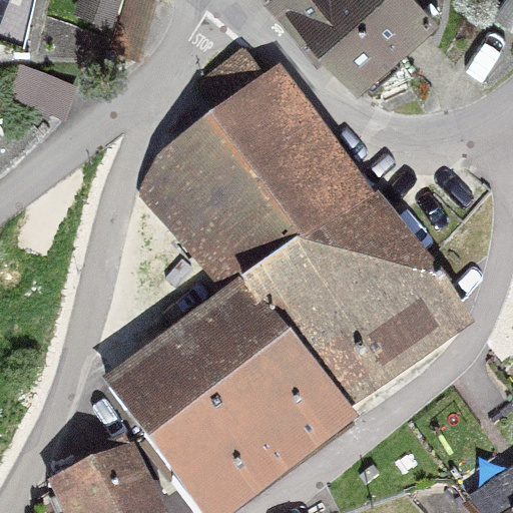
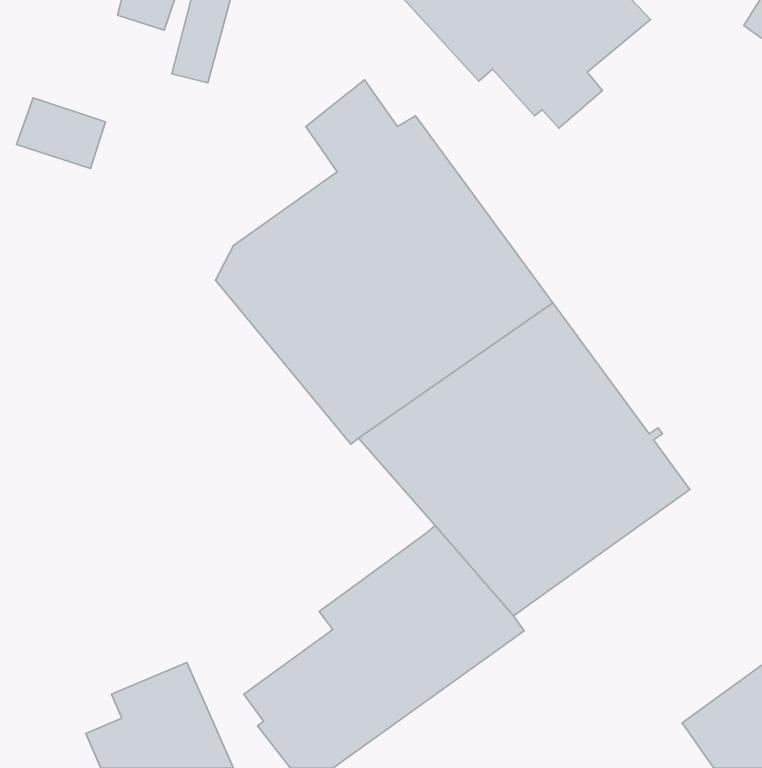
building: [113,292,295,462] -> none

